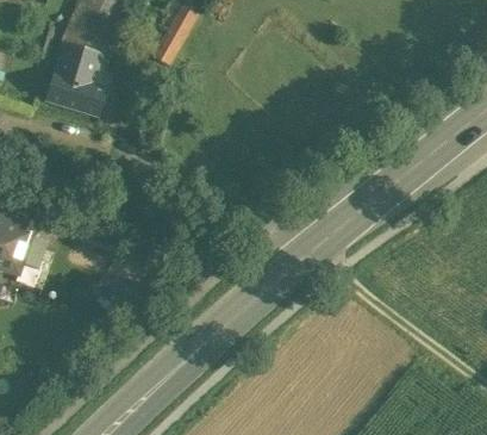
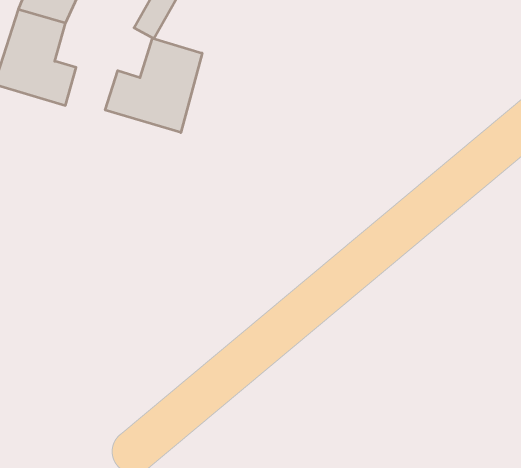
building: none -> [105,38,202,133]

